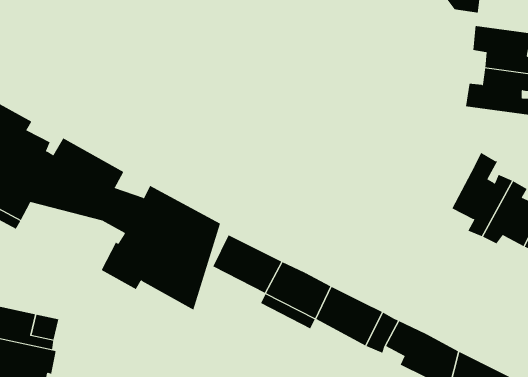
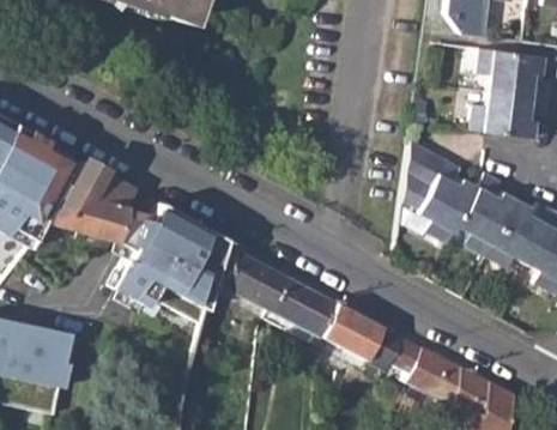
building: none -> [404,145,478,244]

